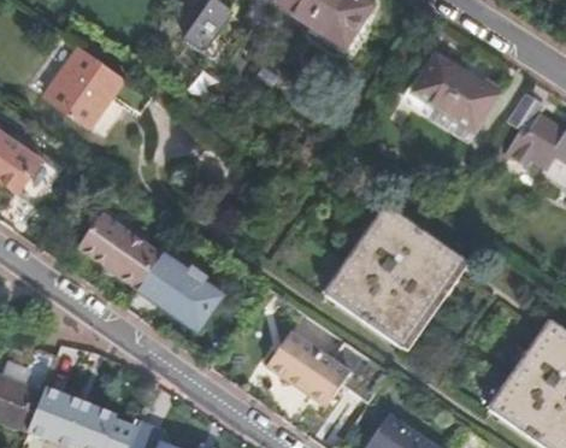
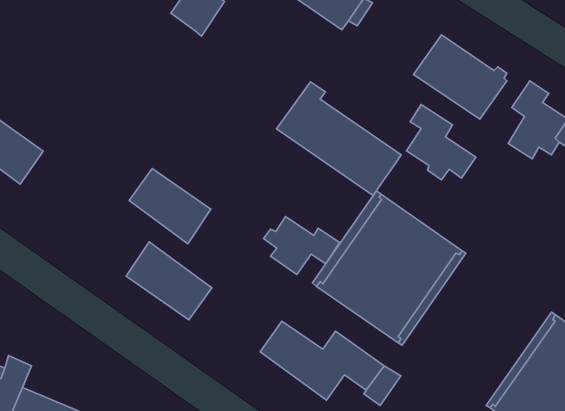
building: [41,49,123,132] -> none
building: none -> [277,82,401,196]
building: none -> [407,105,476,180]
building: [88,214,165,285] -> [129,168,211,244]
building: none -> [263,216,340,275]

